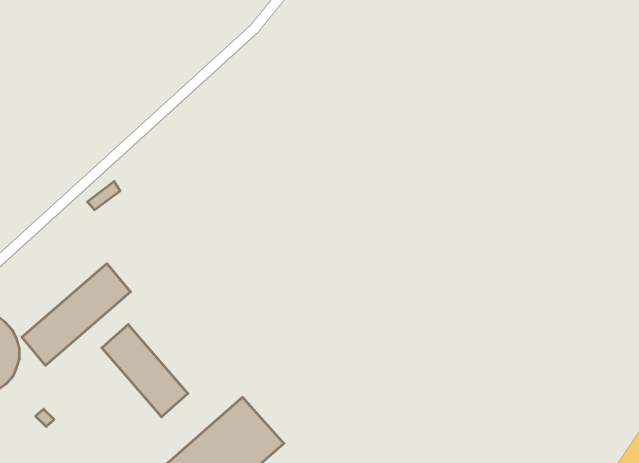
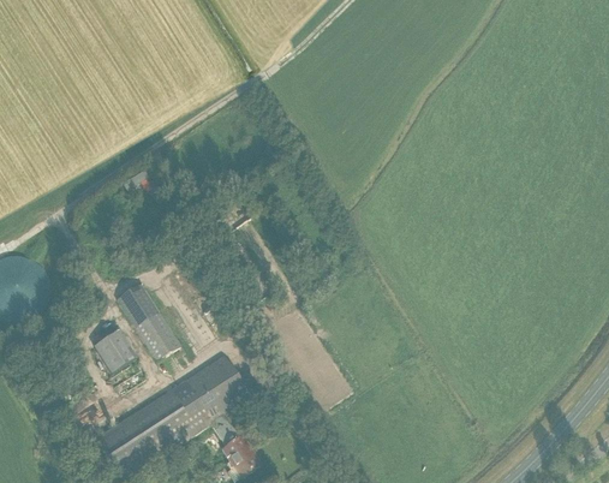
building: [22,264,131,365] -> none
building: none -> [92,328,135,371]

